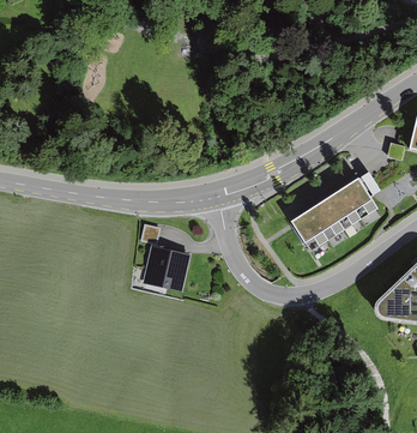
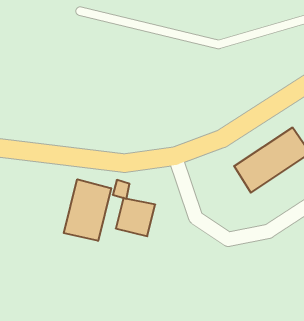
building: none -> [64,179,111,241]

